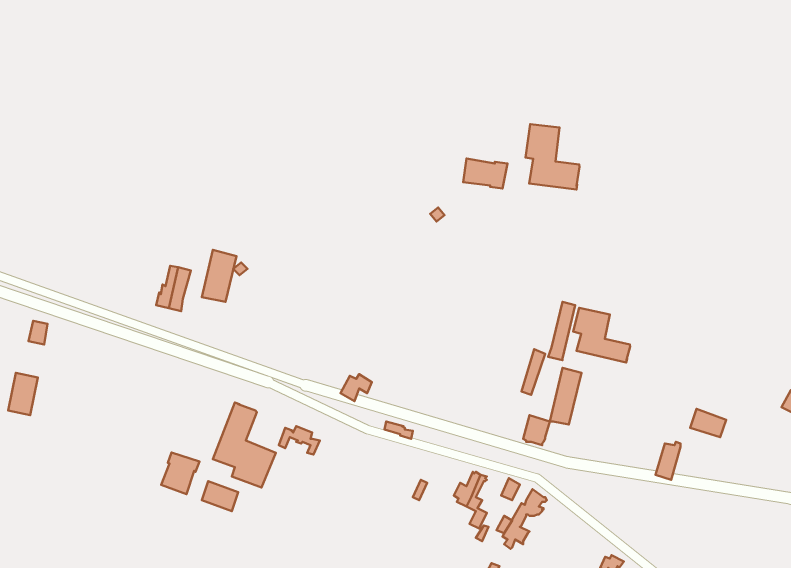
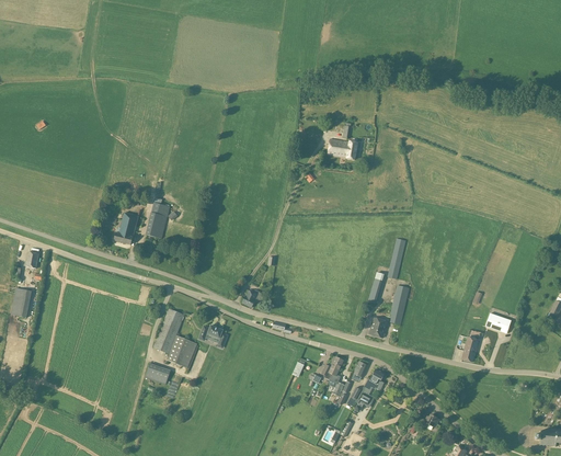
building: [525,124,579,190] -> none
building: [573,308,630,363] -> none
building: [161,453,199,494] -> none

